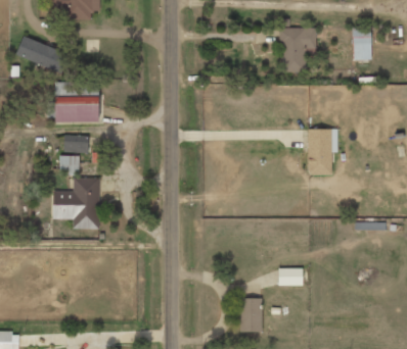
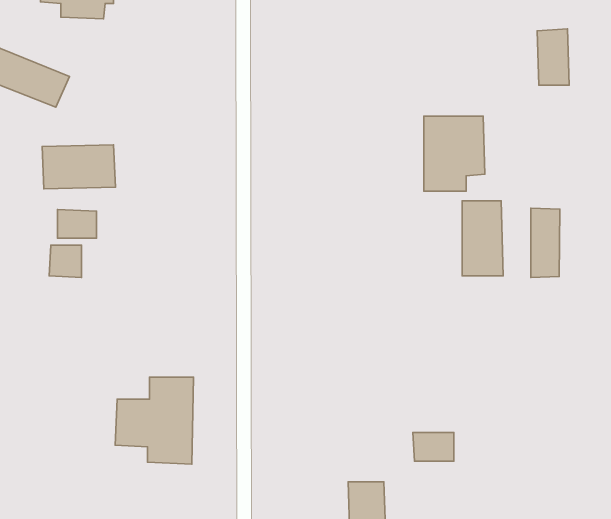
building: [280,28,317,72] -> [424,116,485,191]
building: none -> [531,208,560,277]
building: [53,178,100,230] -> [115,377,194,464]

